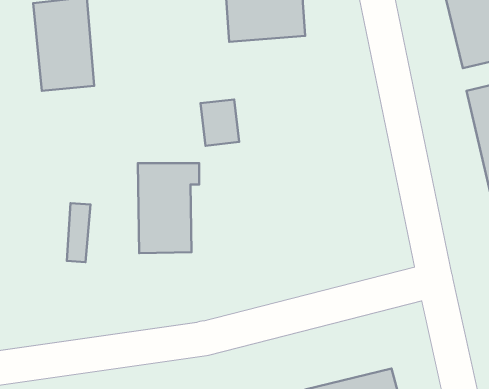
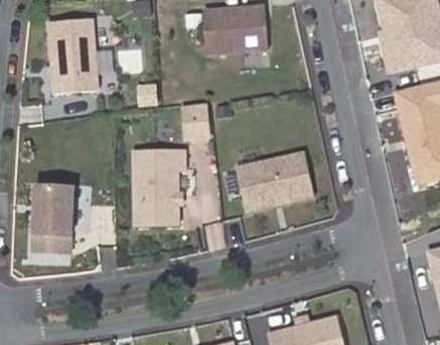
building: none -> [237,151,313,210]
building: none -> [31,184,72,251]

